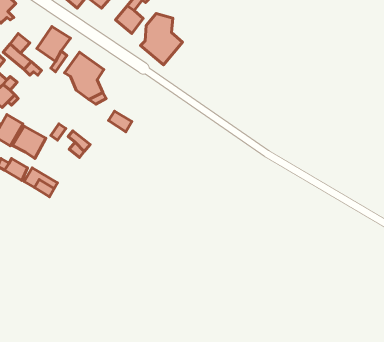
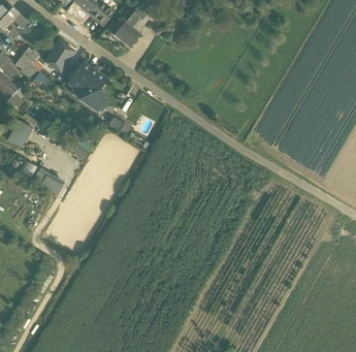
building: [140,13,182,65] -> none
building: [13,126,46,158] -> none

